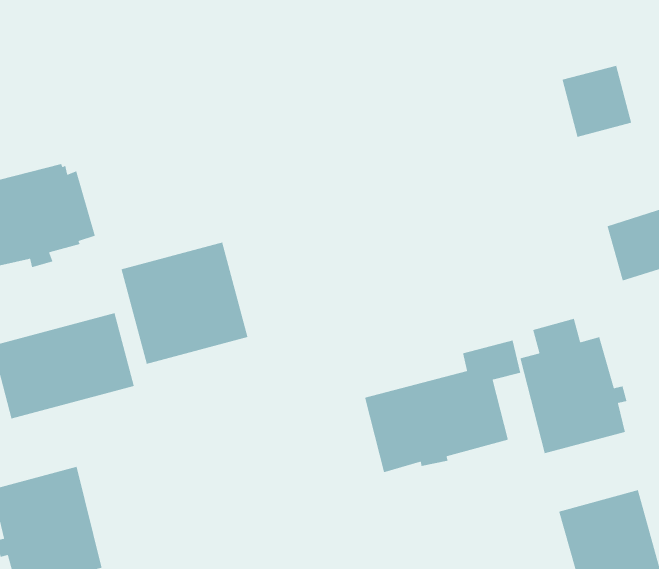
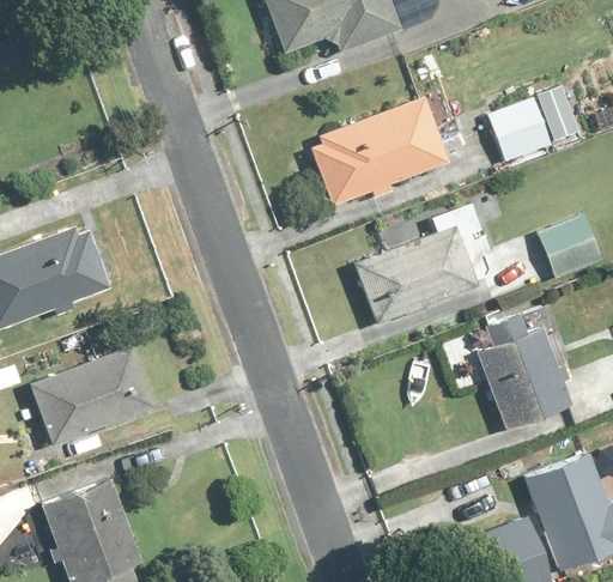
building: none -> [310,96,448,206]
building: [120,242,248,365] -> none
building: [364,340,521,473] -> [353,201,484,325]

